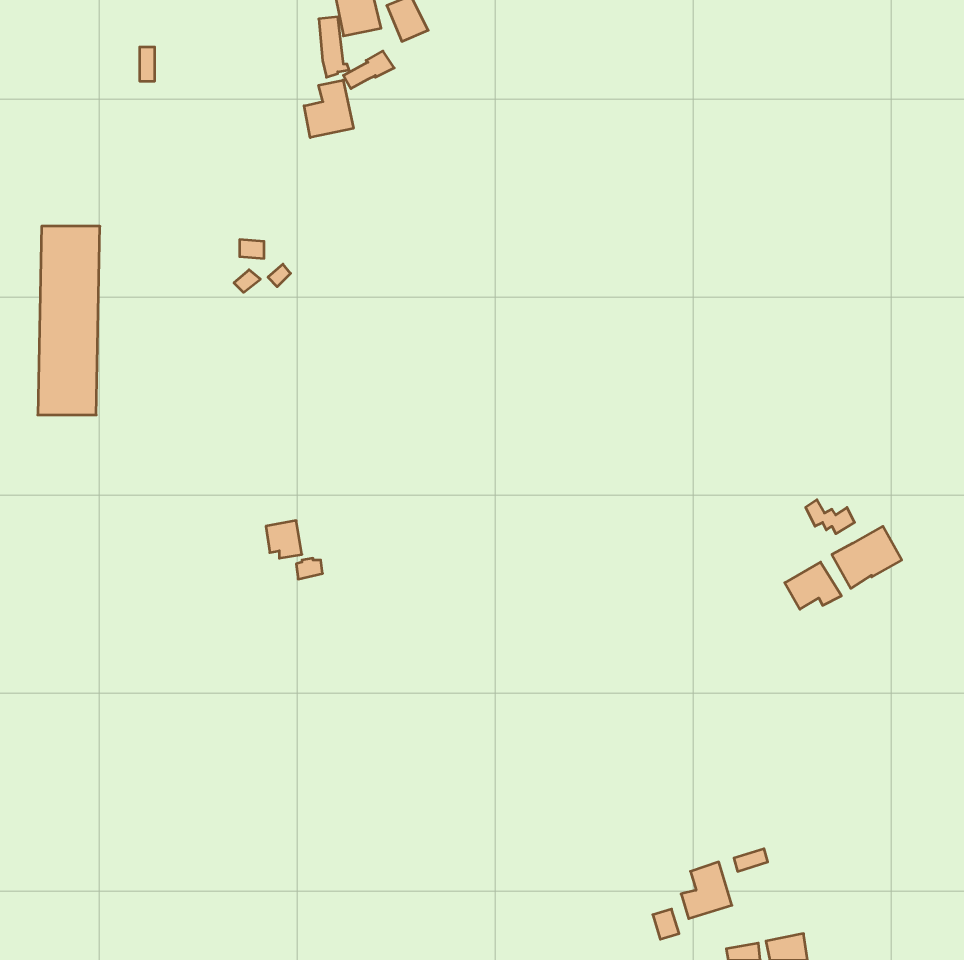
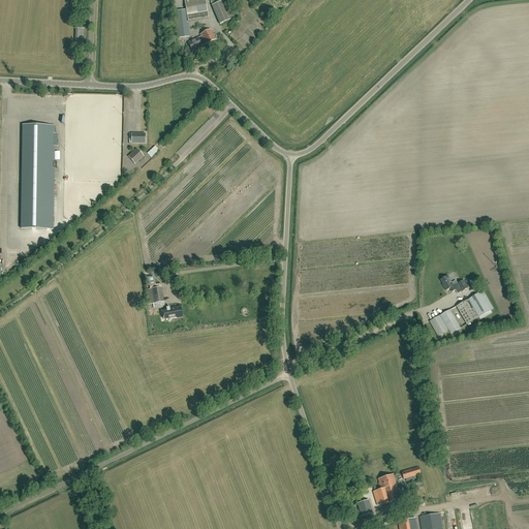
building: [304,80,353,138] -> none

